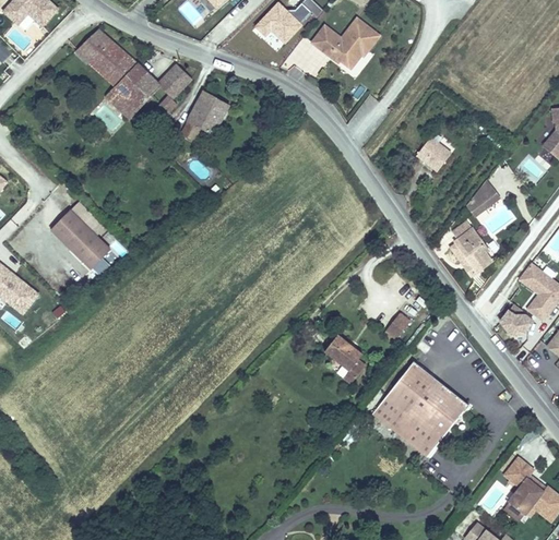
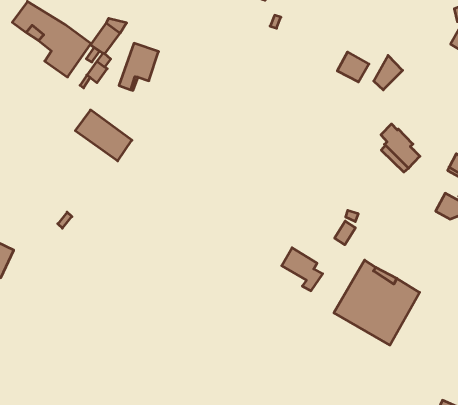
building: [466,179,499,215] -> [374,55,403,90]
building: [50,211,109,269] -> [75,110,132,161]

